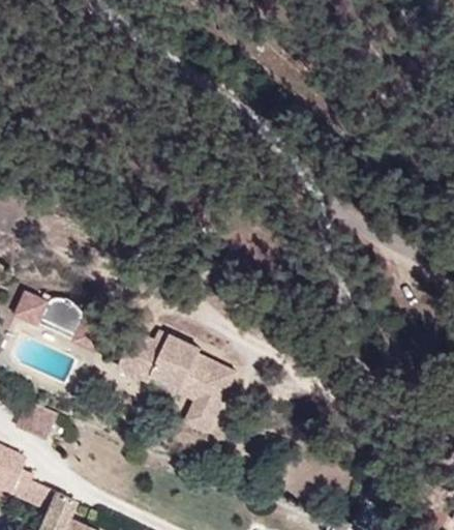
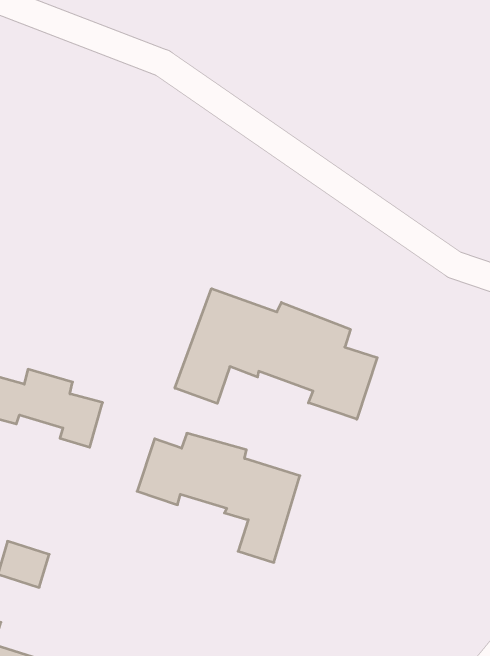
building: none -> [175,289,377,419]

